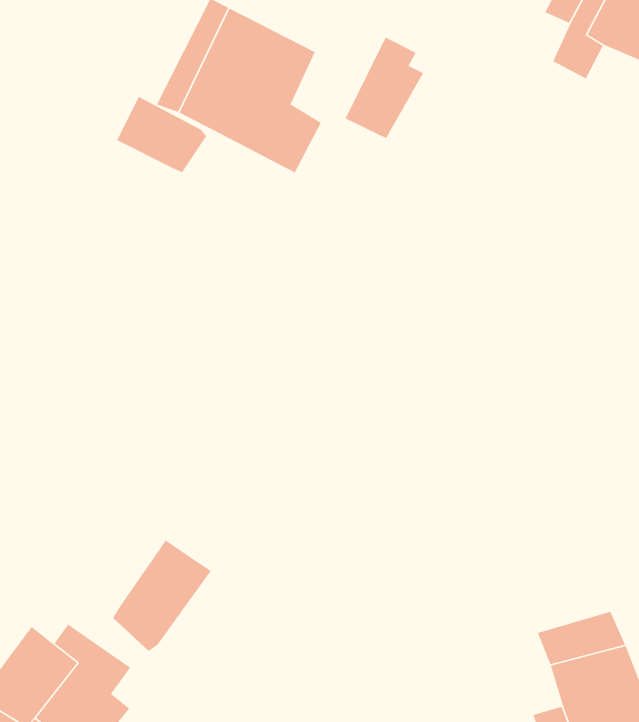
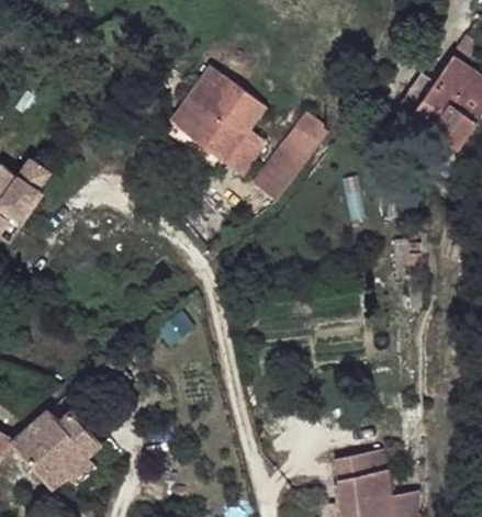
building: [116,96,207,173] -> none
building: none -> [250,148,296,196]
building: [112,539,212,652] -> none

